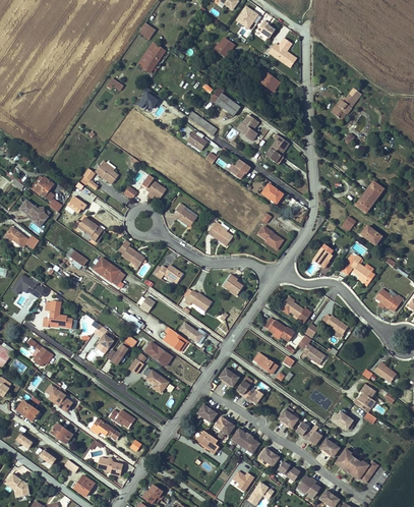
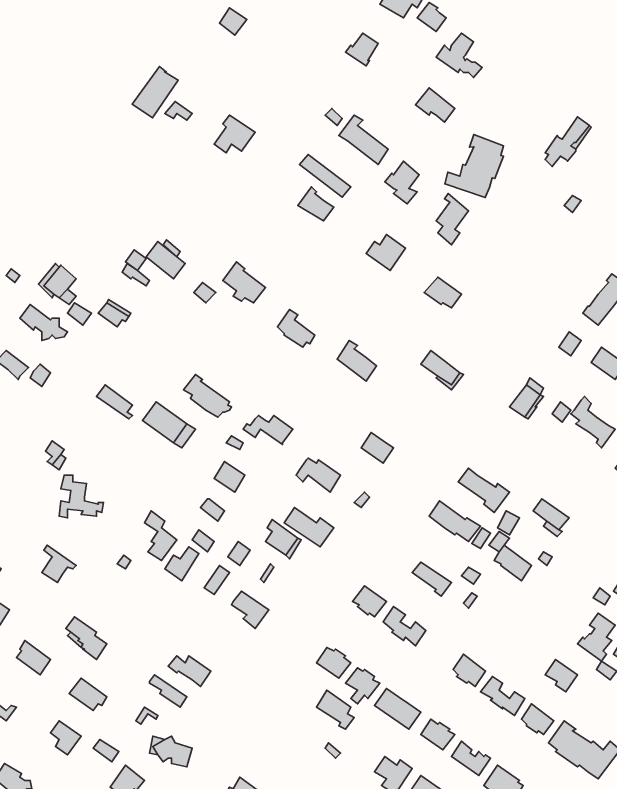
building: [137,42,165,72] -> [132,67,178,118]
building: none -> [445,135,503,198]
building: [75,217,103,241] -> none

